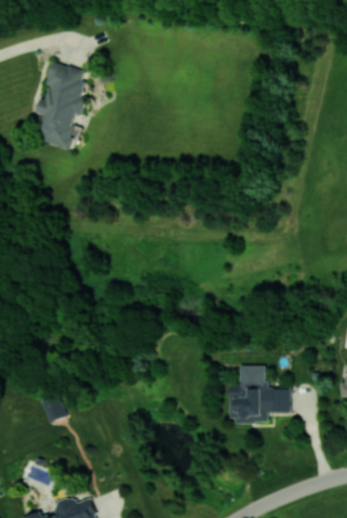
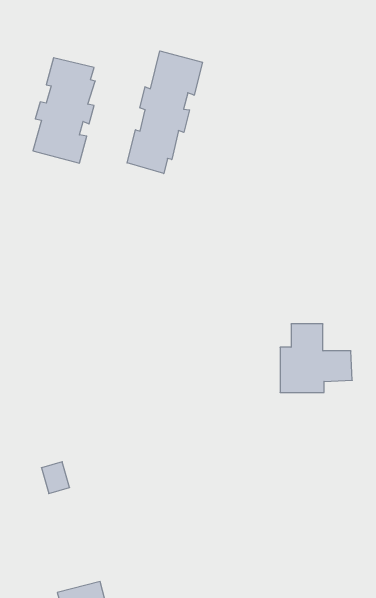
building: none -> [127,51,203,174]
building: [230,366,289,423] -> [280,324,352,392]

